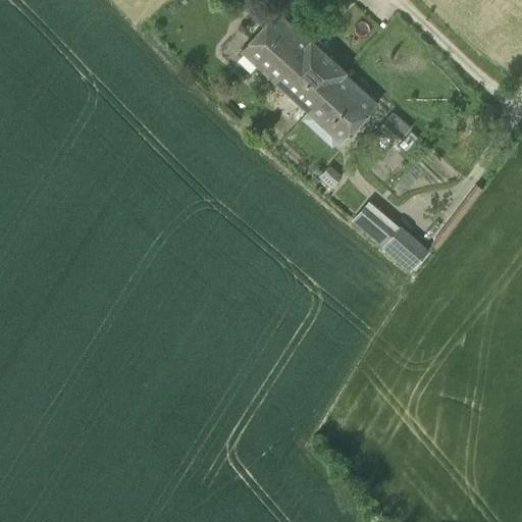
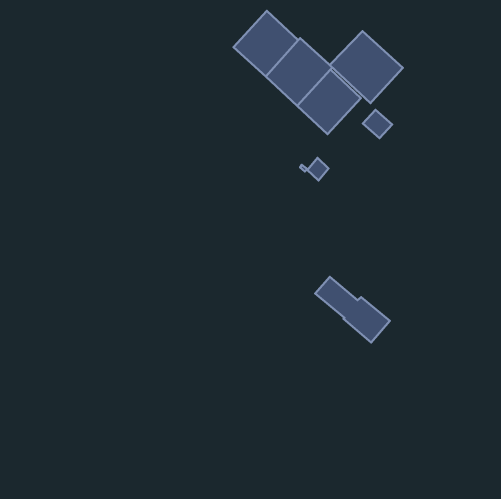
building: none -> [330,31,403,103]
building: [352,205,429,273] -> [315,277,390,342]

